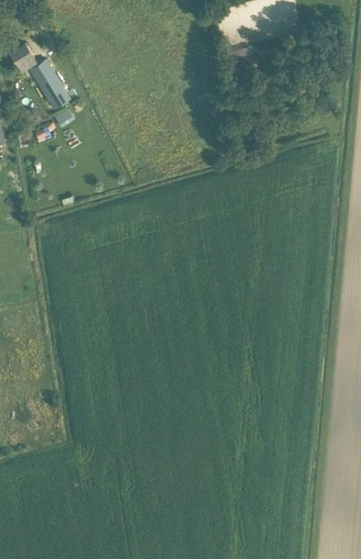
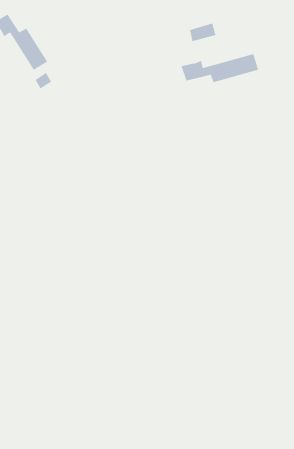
building: none -> [180,53,259,83]

